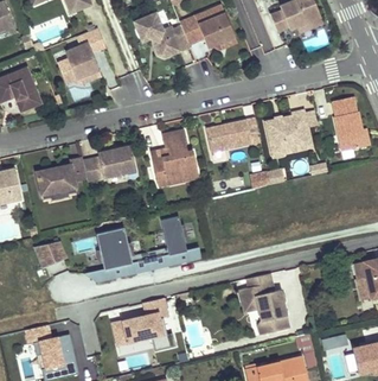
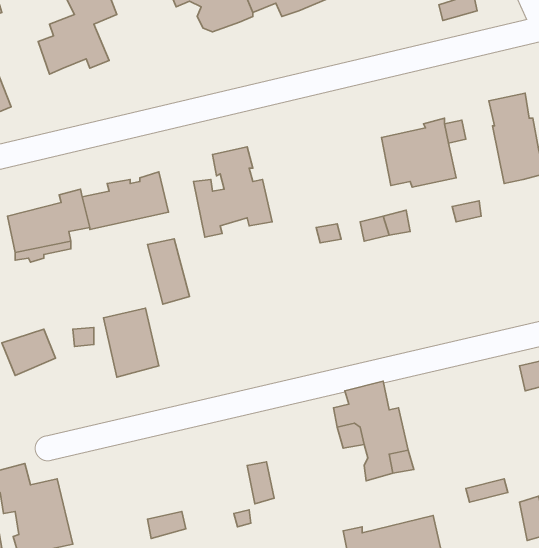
building: [209,119,263,151] -> none
building: [160,216,186,256] -> [147,239,190,304]
building: [113,298,174,350] -> none

